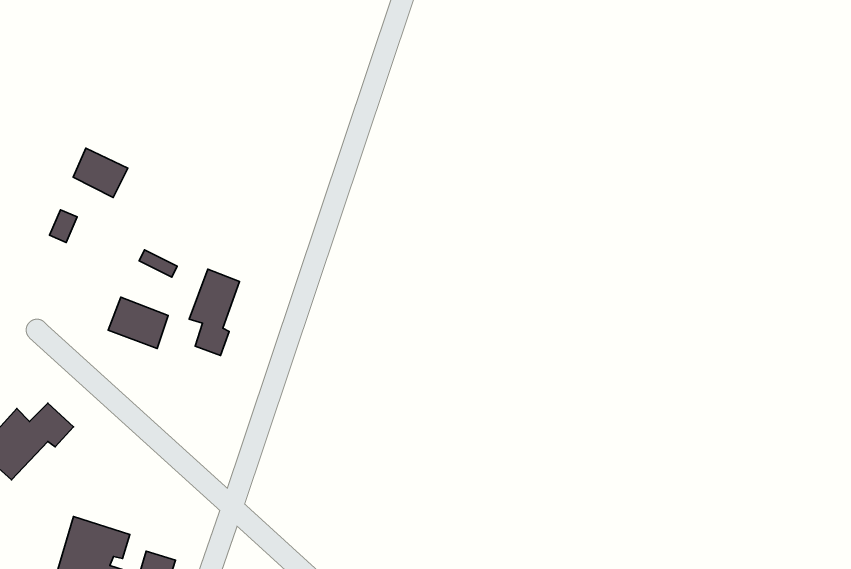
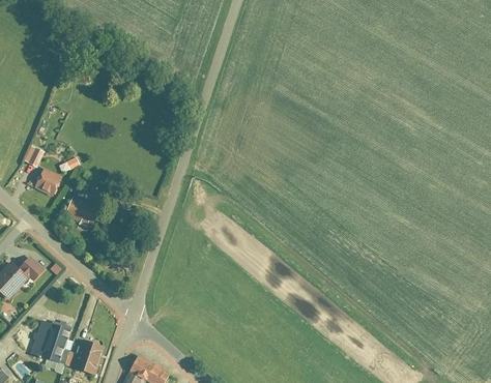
building: [73,148,128,197] -> [33,168,64,196]
building: [189,269,239,355] -> none

